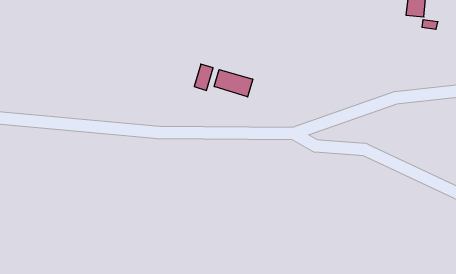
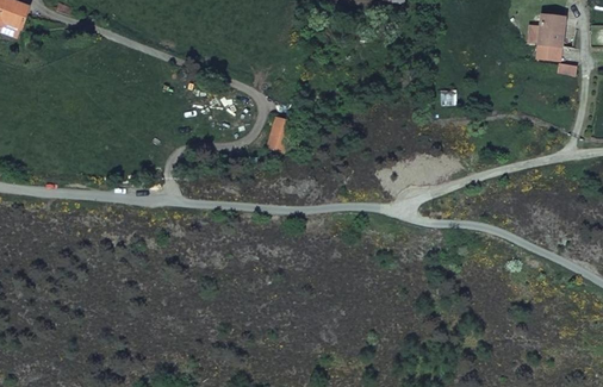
building: [214,70,253,97] -> none

